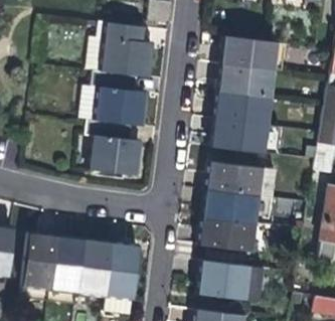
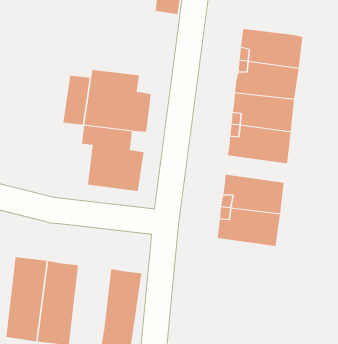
building: [86,20,155,76] -> none
building: [200,216,256,250] -> none
building: [79,239,113,295] -> none
building: [200,260,250,299] -> none

